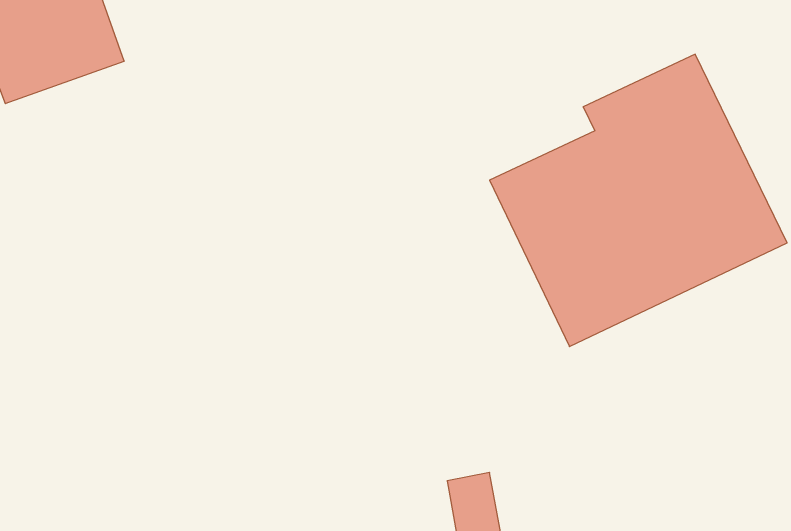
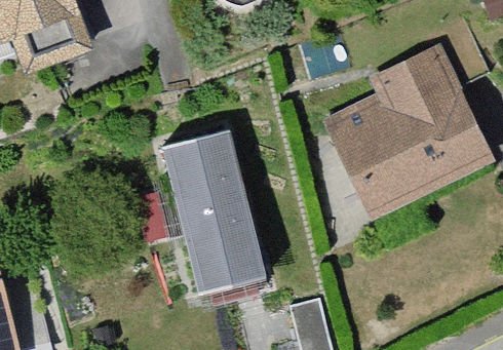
building: none -> [162,128,265,293]

